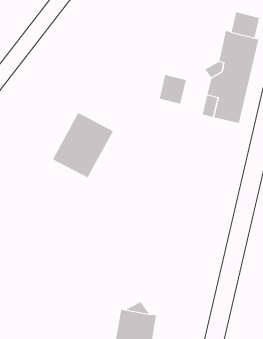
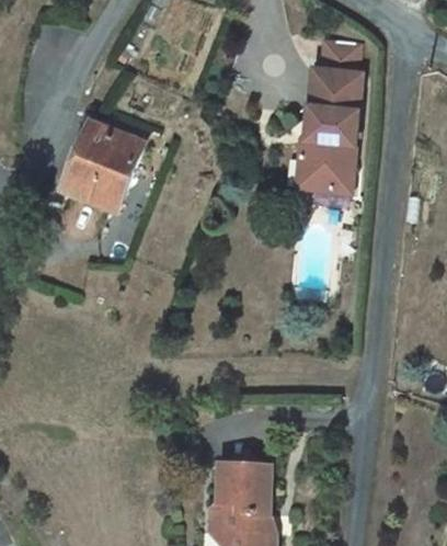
building: [159,74,186,104] -> none
building: [52,112,114,178] -> [62,124,141,212]

